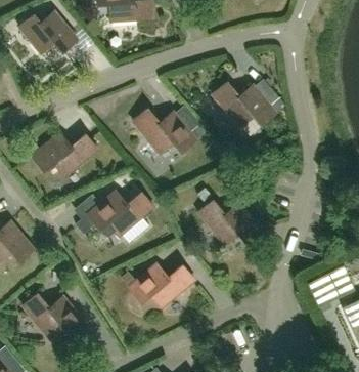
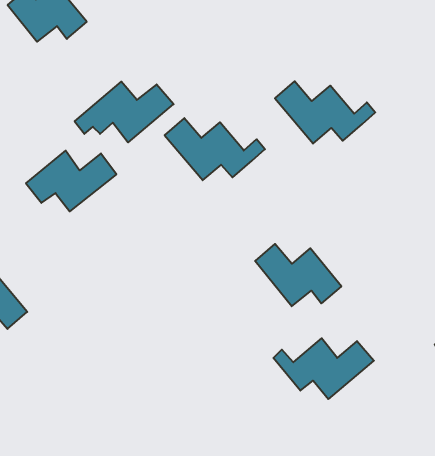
building: [81,191,152,235] -> [75,82,174,142]
building: [121,263,193,307] -> [273,338,374,399]
building: [21,293,85,338] -> none

